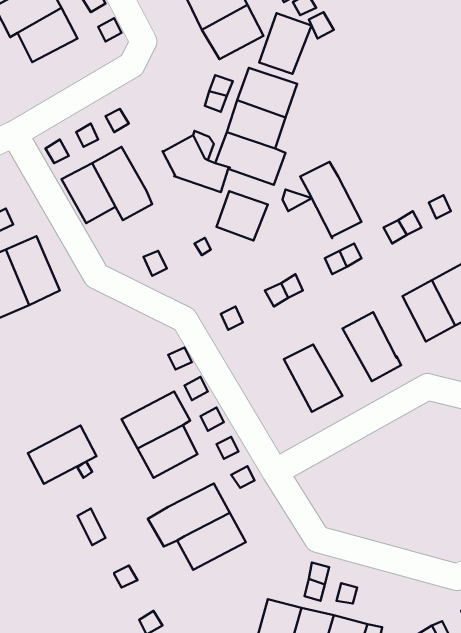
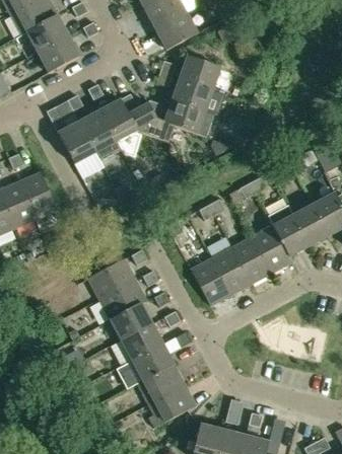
building: [259,13,312,74] -> none
building: none -> [37,34,79,72]
building: none -> [98,98,136,140]
building: [300,162,362,238] -> [267,203,310,255]
building: [216,191,268,240] -> none
building: none -> [231,235,272,282]
building: none -> [190,256,230,304]
building: [28,425,97,484] -> [87,257,135,298]
building: none -> [121,322,162,359]
building: none -> [148,383,196,424]

